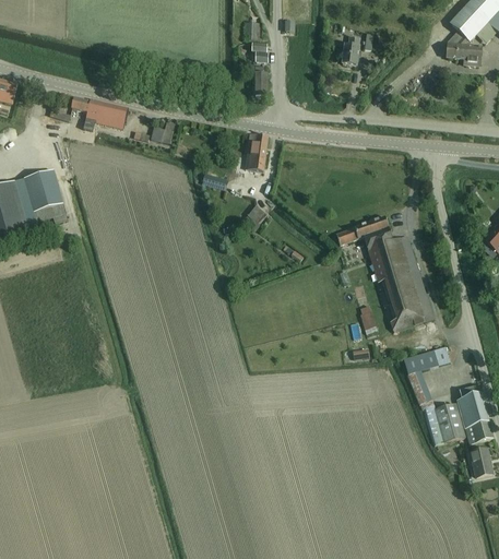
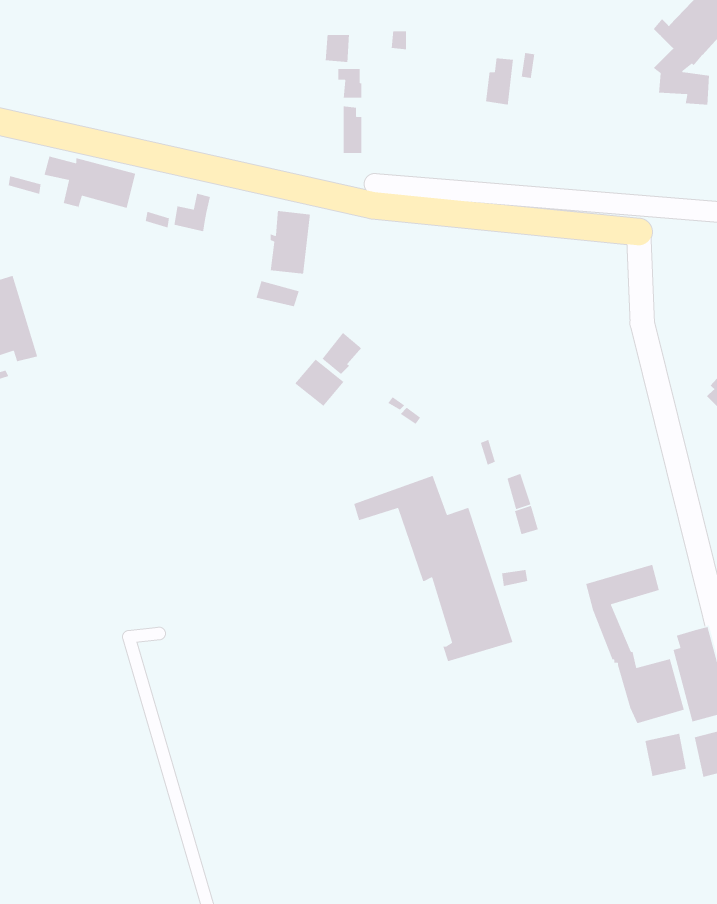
building: [245,132,270,171] -> [270,210,311,274]
building: [336,216,435,331] -> [353,475,513,662]
building: none -> [294,358,345,407]
building: none -> [645,733,687,777]

